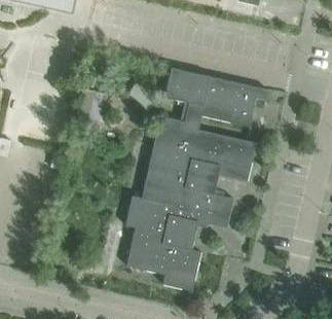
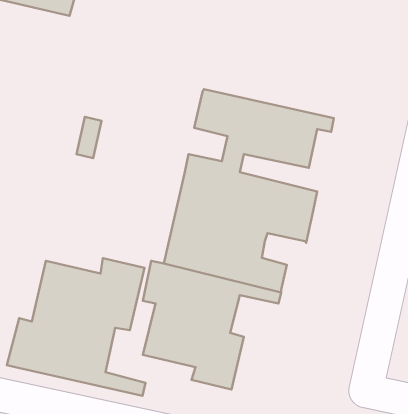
building: none -> [7,258,145,396]

